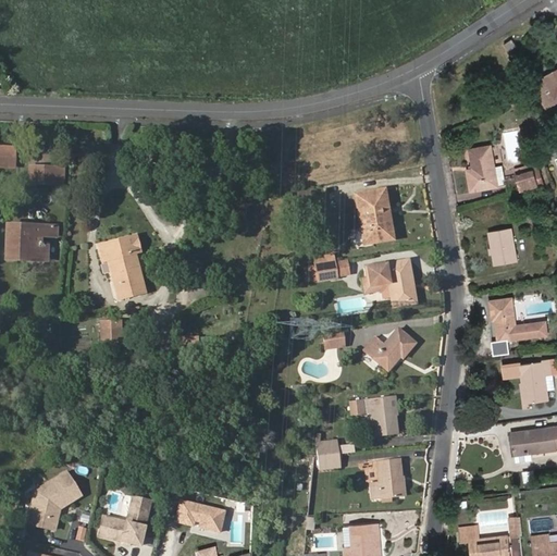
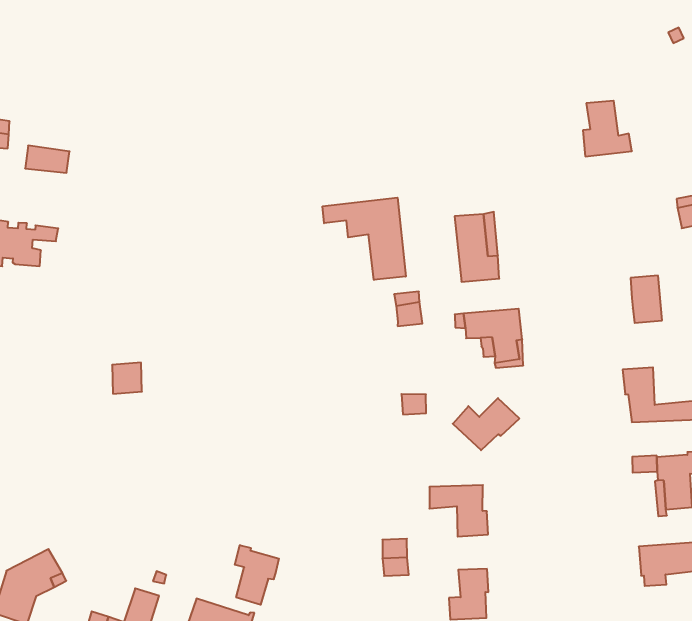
building: [469,147,507,190] -> [583,101,632,156]
building: none -> [323,198,406,280]
building: [102,233,147,295] -> none
building: none -> [235,545,279,605]

